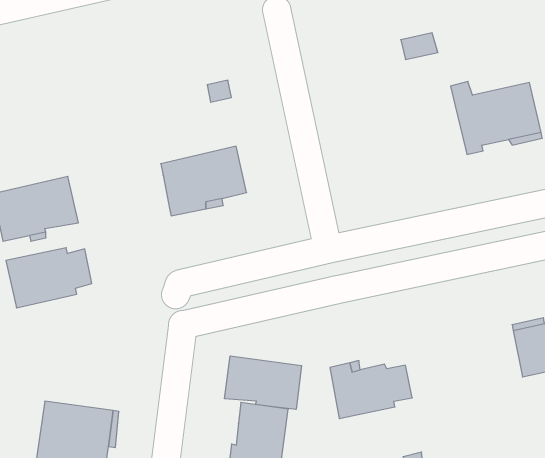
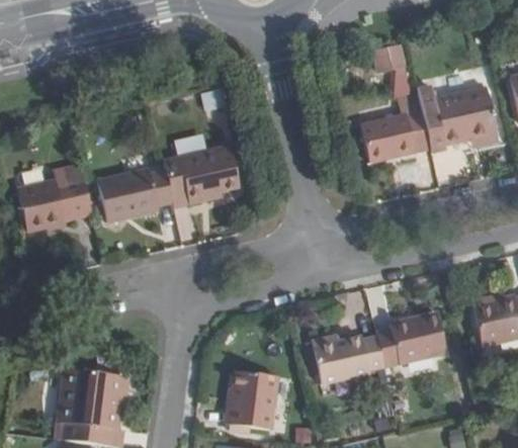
building: none -> [363,110,430,162]
building: [6,248,92,308] -> [97,170,172,222]
building: none -> [376,312,444,367]
building: [225,356,302,409] -> none

